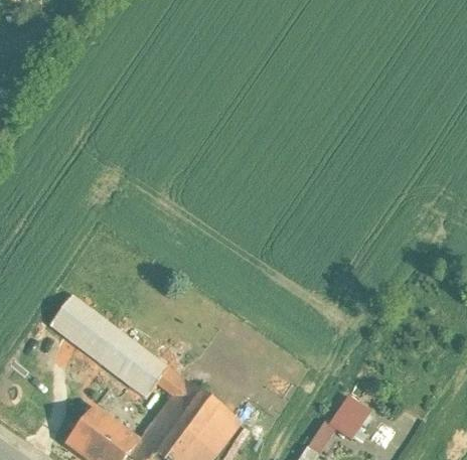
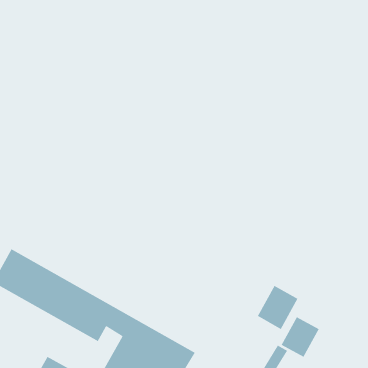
building: none -> [257,285,299,330]

